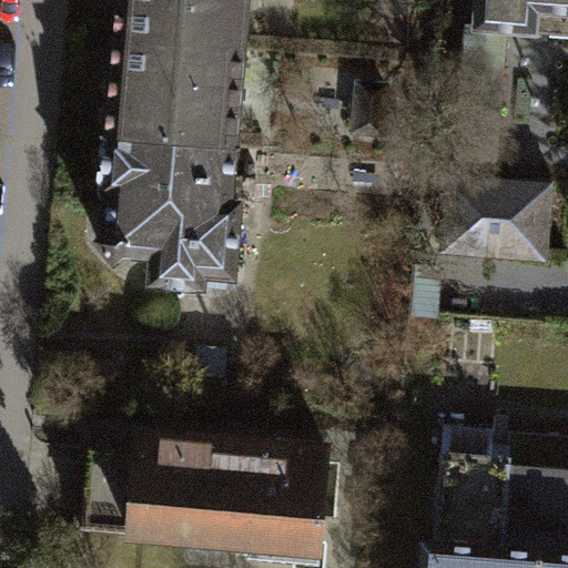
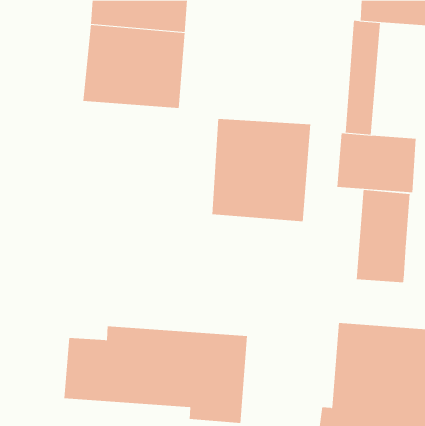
building: [100,135,246,288] -> none
building: none -> [212,118,311,222]
building: none -> [356,189,410,283]

